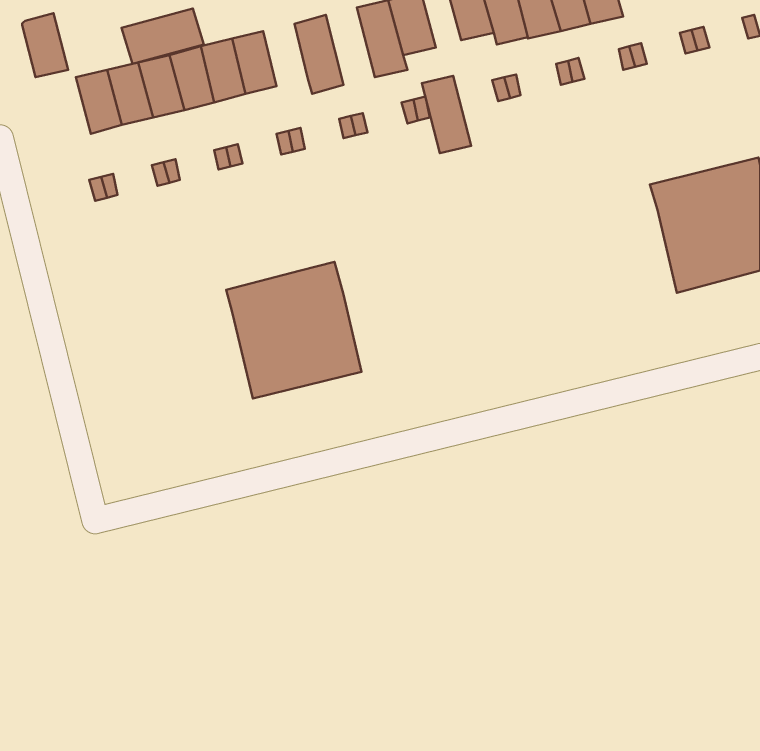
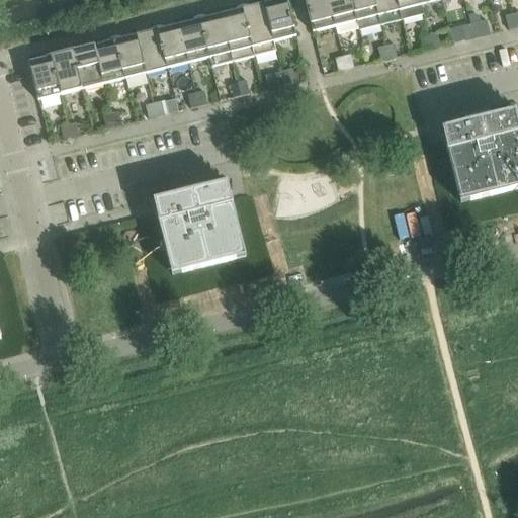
building: [121,8,204,64] -> none
building: [22,13,68,77] -> [30,53,62,96]
building: none -> [179,16,209,59]
building: [422,76,471,153] -> [222,5,255,58]

